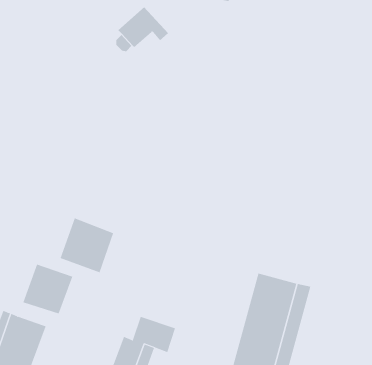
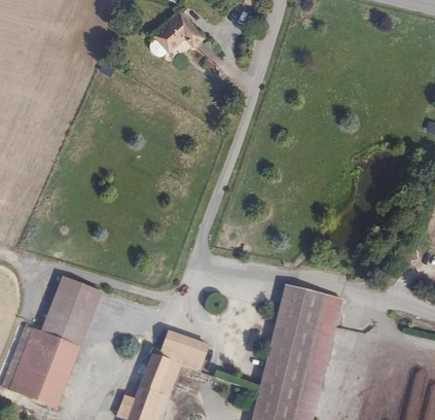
building: [60,217,114,273] -> none
building: none -> [41,317,84,345]

